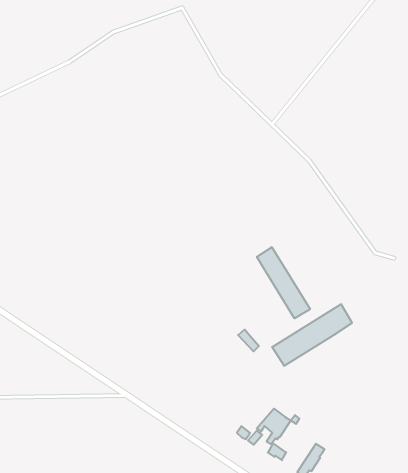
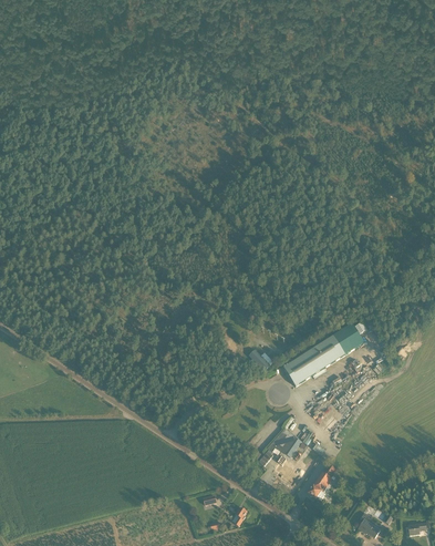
building: [257,247,310,318] -> none

